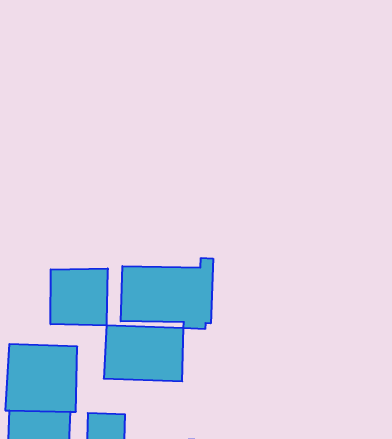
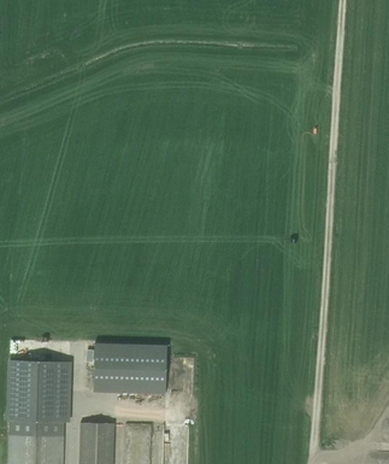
building: [121,258,213,329] -> none
building: [51,268,108,325] -> none

